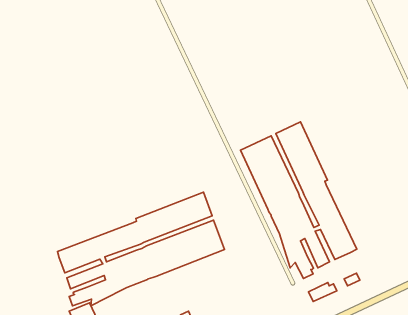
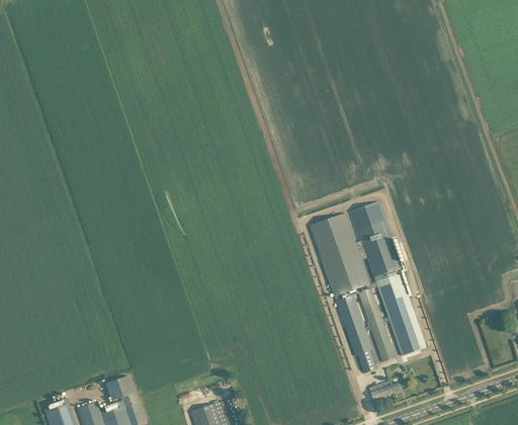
building: [57,192,225,306] -> none

